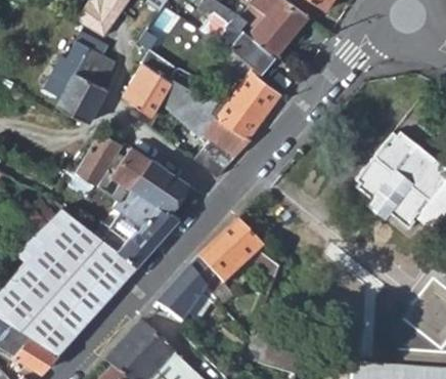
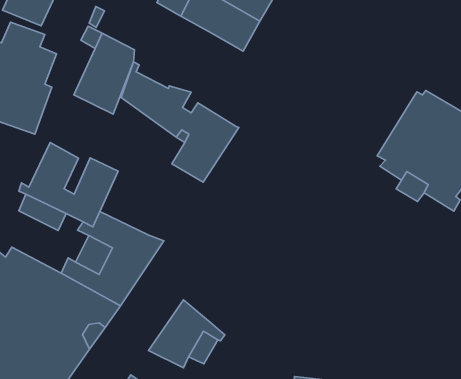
building: [221,59,281,137] -> none
building: [133,160,189,213] -> none
building: [189,219,280,287] -> none

